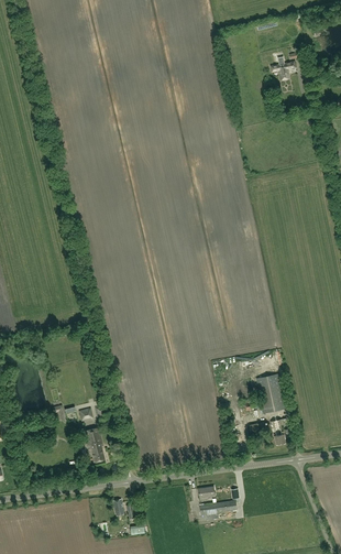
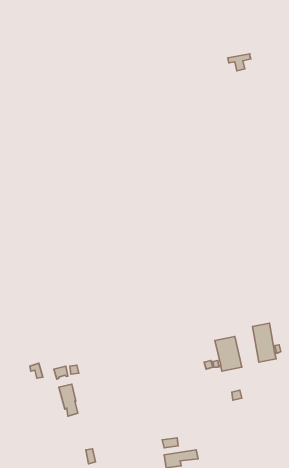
building: none -> [252,323,281,362]

